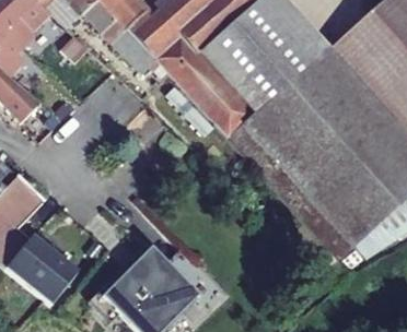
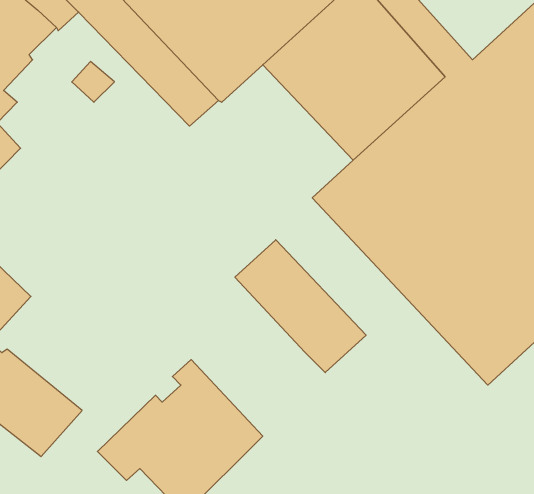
building: [168,50,253,135] -> [235,240,366,373]

